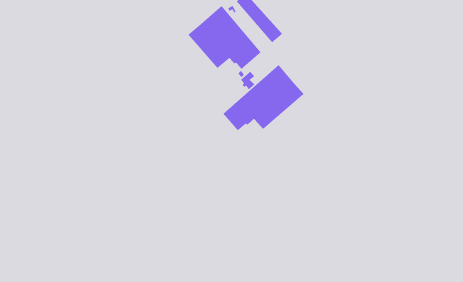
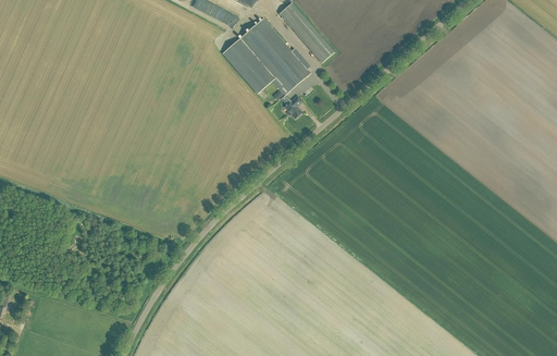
building: [223,64,304,131] -> none

